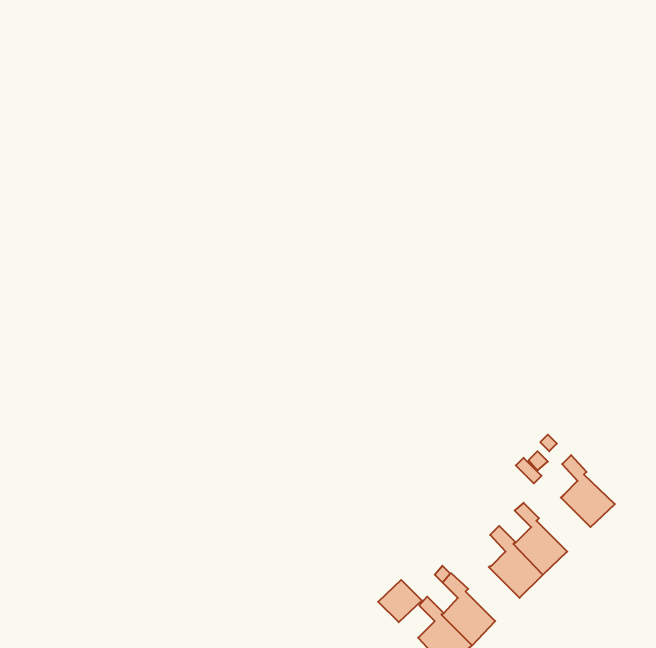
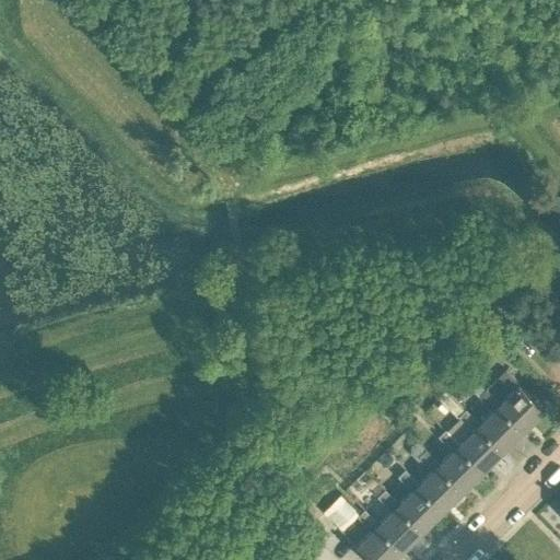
building: none -> [497,375,542,436]
building: none -> [456,415,502,477]
building: none -> [396,475,442,536]

